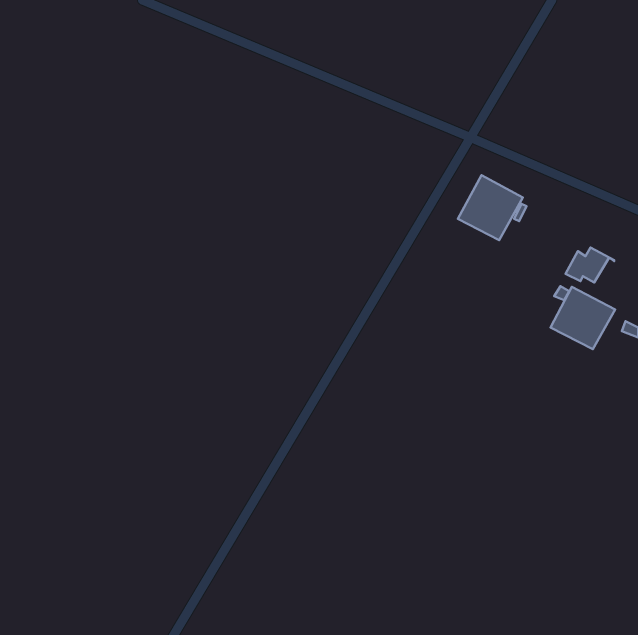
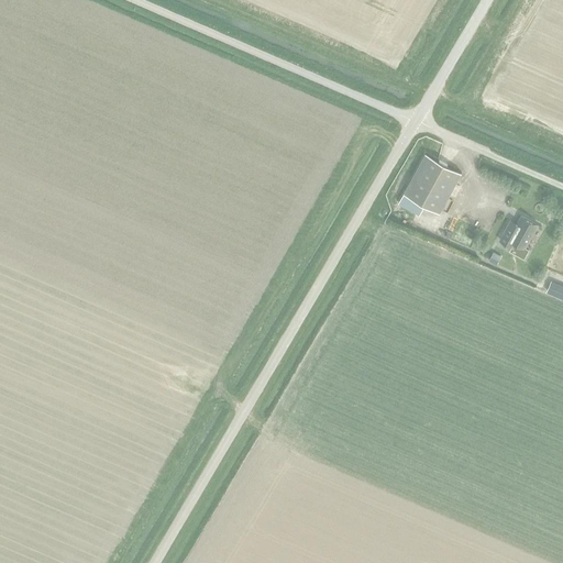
building: [551,287,615,349] -> none

